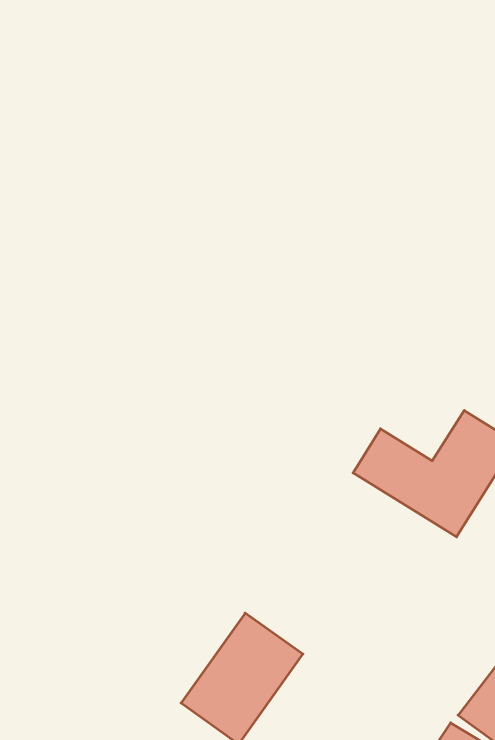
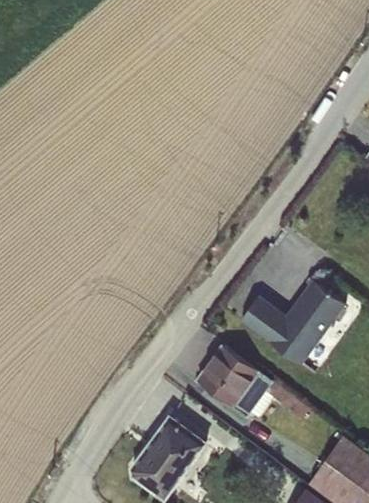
building: none -> [197,344,280,423]

